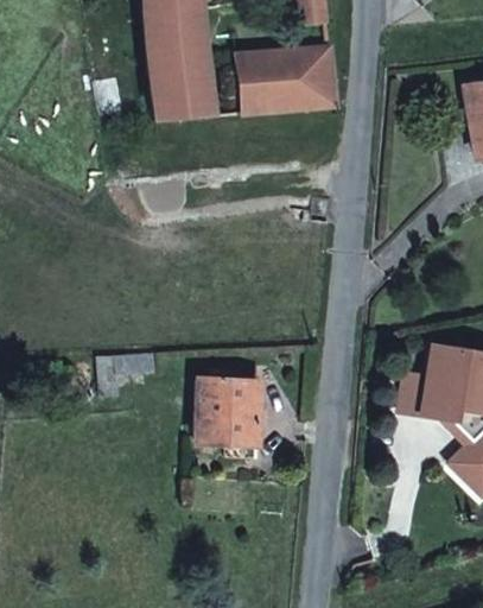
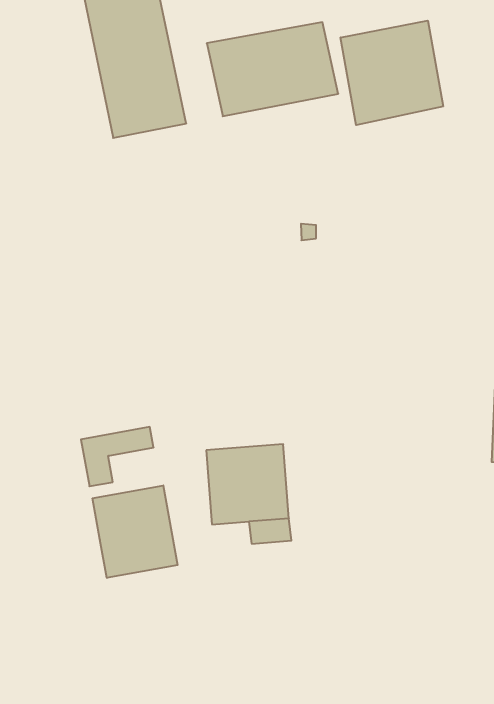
building: none -> [341,21,443,125]
building: none -> [93,485,178,578]

